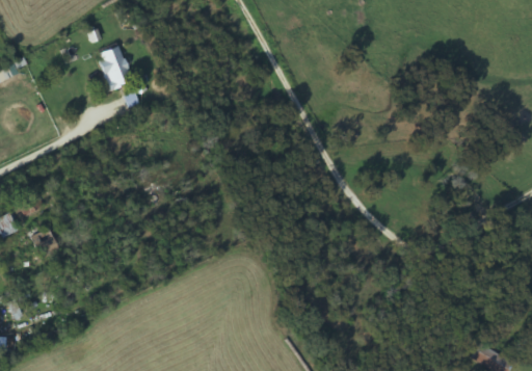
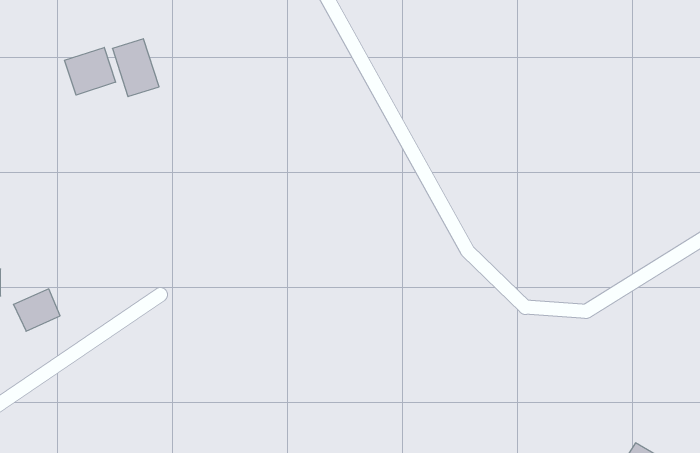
building: none -> [65,47,116,95]

